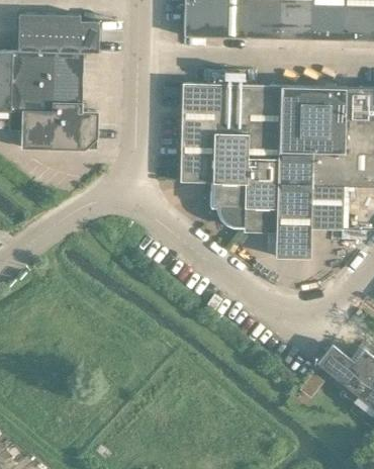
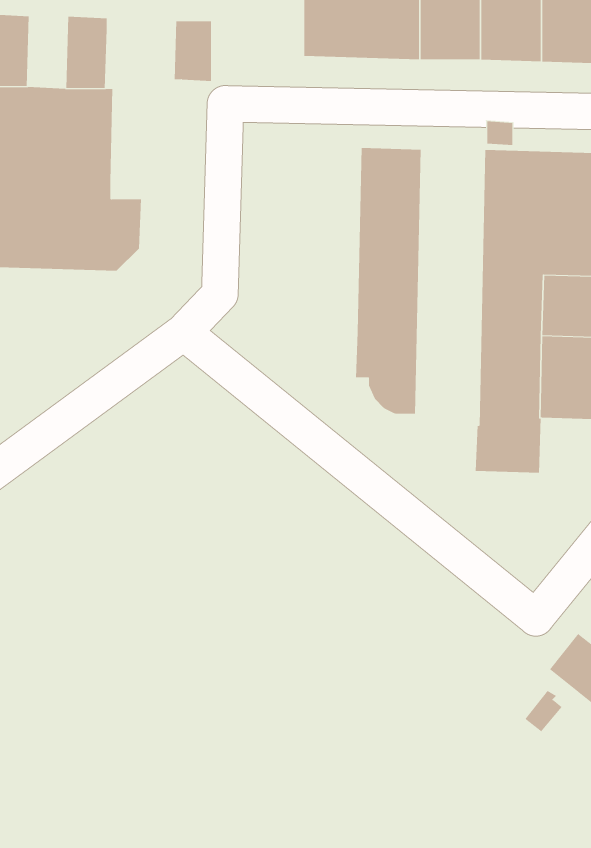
building: [37,14,59,53] -> none
building: [79,21,99,54] -> [174,21,212,82]
building: [180,83,214,182] -> none
building: [244,85,280,231] -> none

